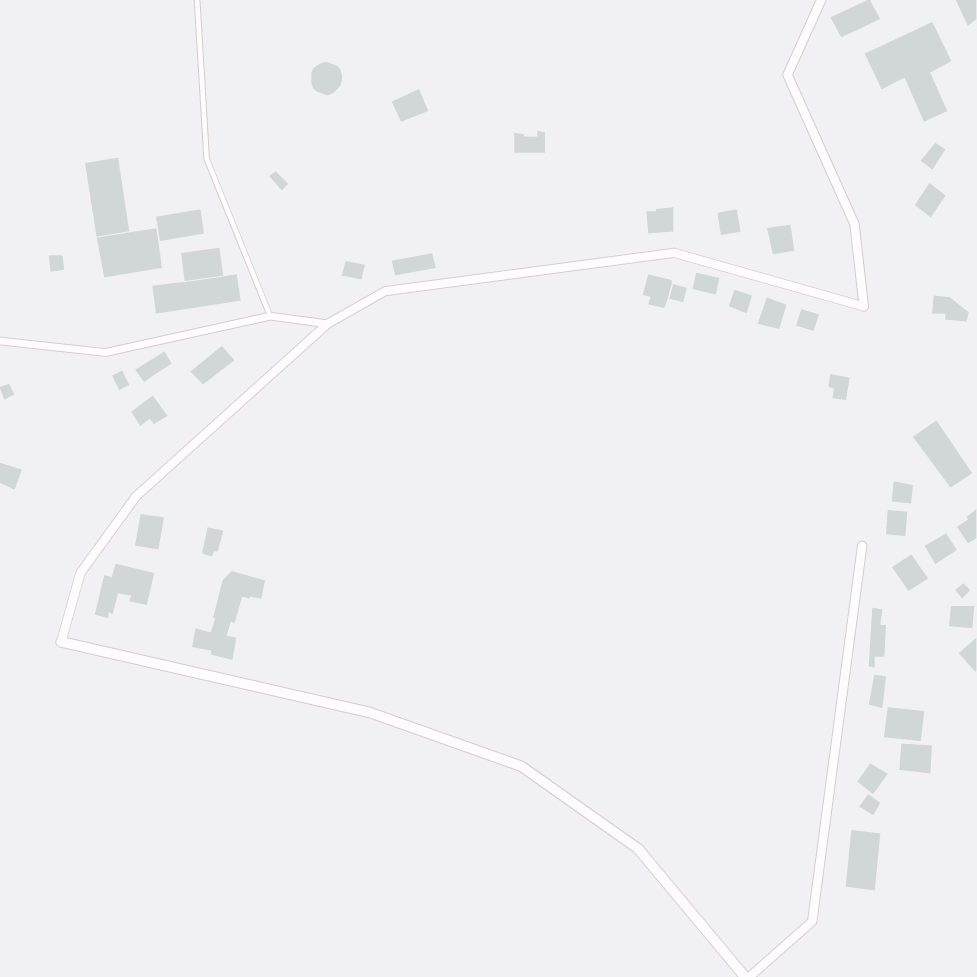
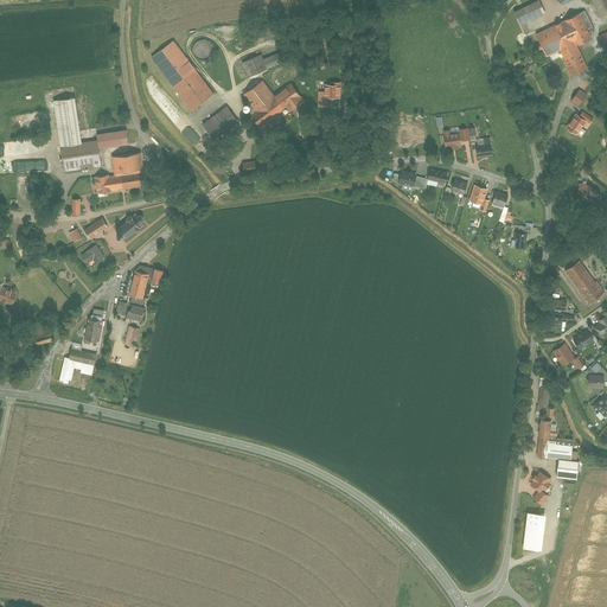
building: none -> [151,40,212,109]
building: none -> [244,82,300,127]
building: none -> [202,106,237,140]
building: [191,570,266,660] -> [116,263,162,319]

